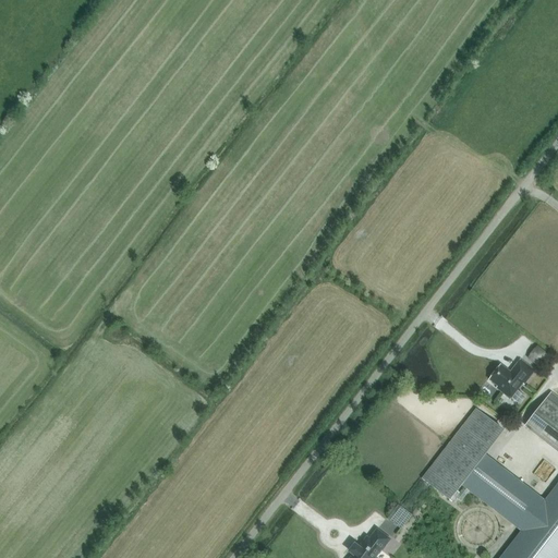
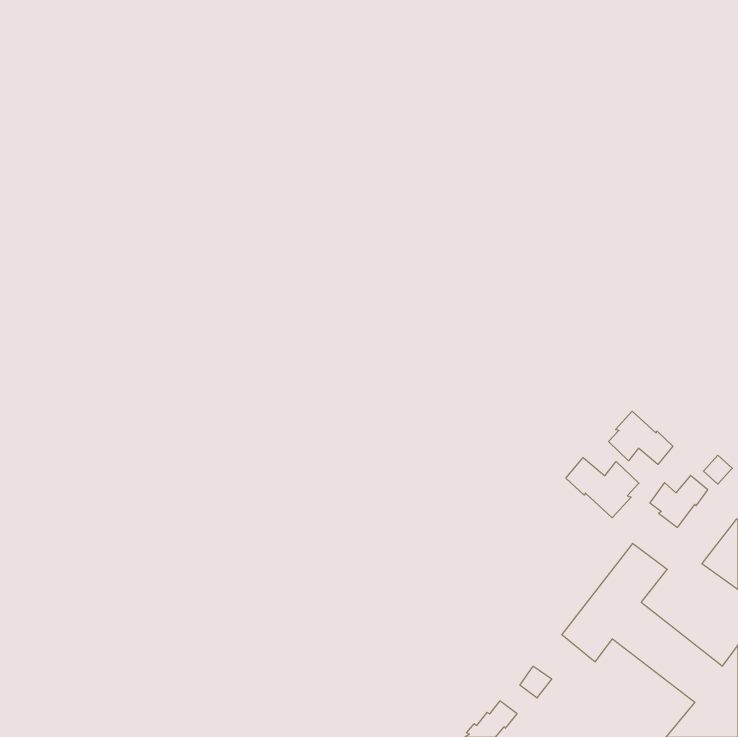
building: none -> [609,411,673,464]
building: none -> [566,458,639,518]

